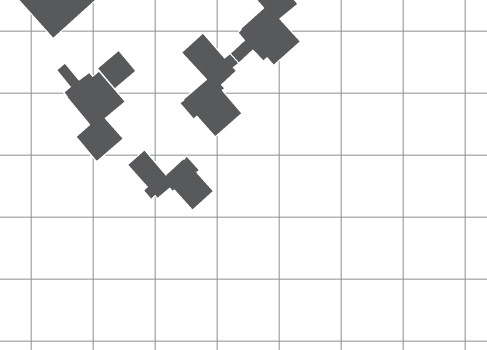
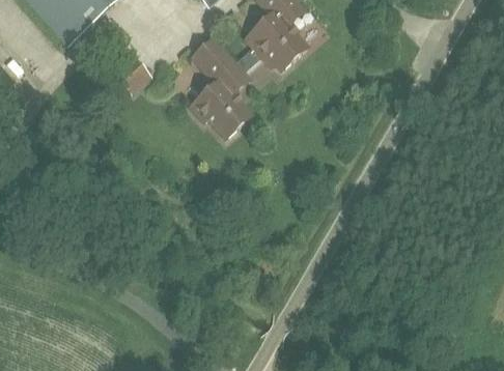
building: [56,63,125,162] -> none
building: [127,150,213,210] -> none

